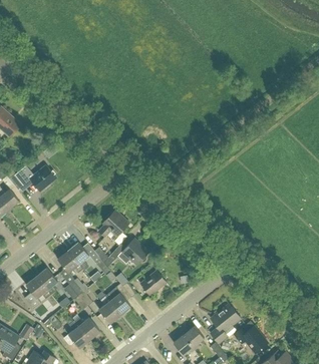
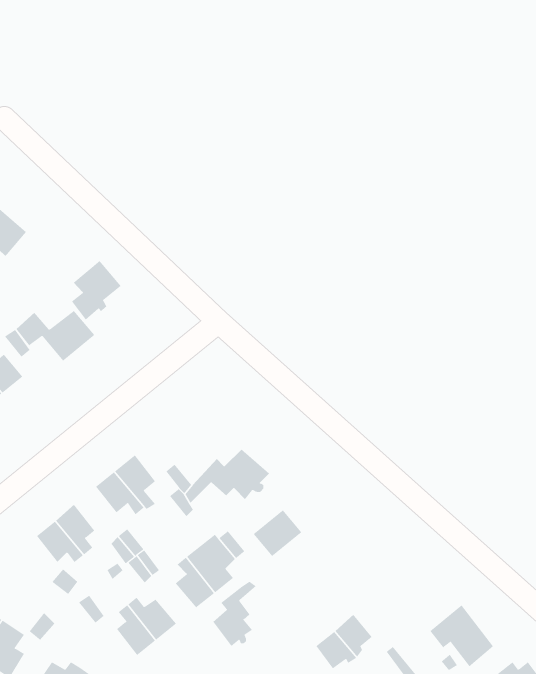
building: none -> [71,260,121,320]
building: [98,210,129,242] -> none
building: [211,304,241,343] -> none
building: none -> [212,581,257,647]

